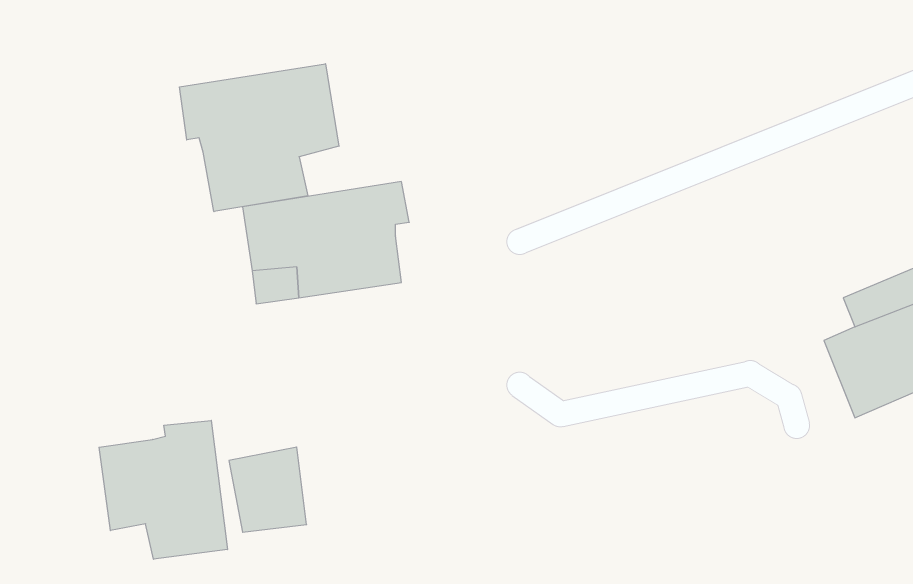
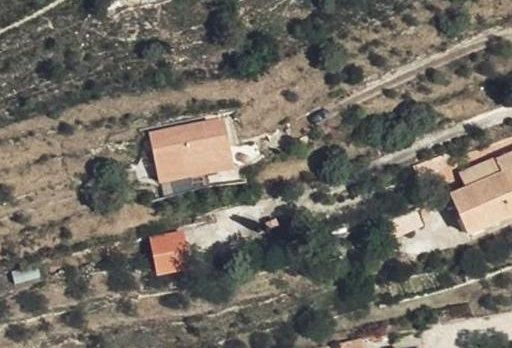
building: [180,64,339,212] -> none
building: [99,420,227,559] -> none

